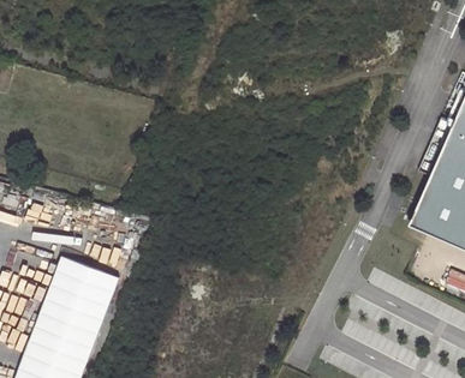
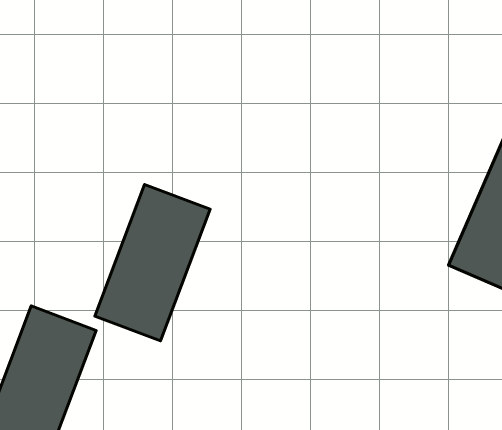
building: none -> [95,184,210,341]

